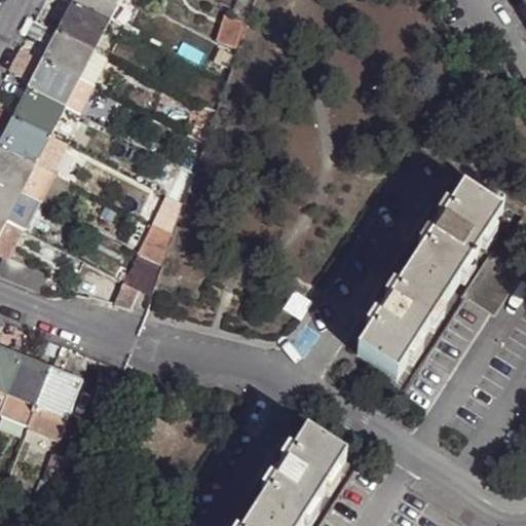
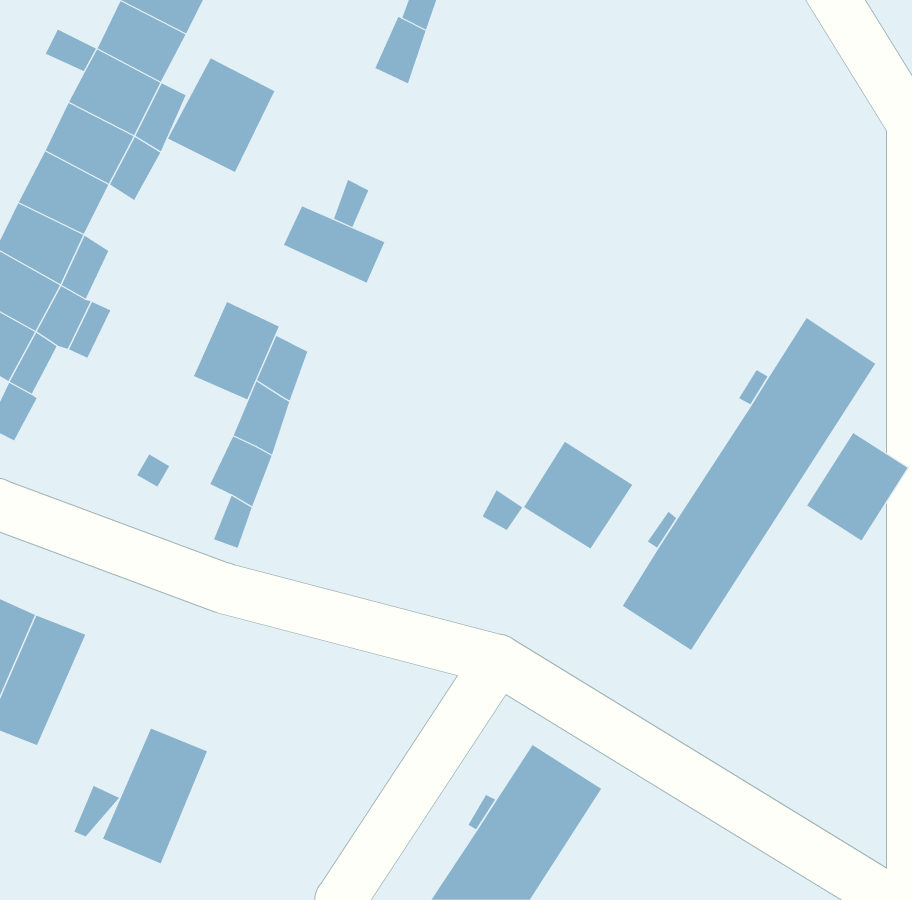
building: none -> [167,58,275,173]
building: none -> [283,205,385,283]
building: none -> [193,301,279,400]
building: none -> [523,441,633,549]
building: [22,364,82,442] -> [102,728,208,864]

